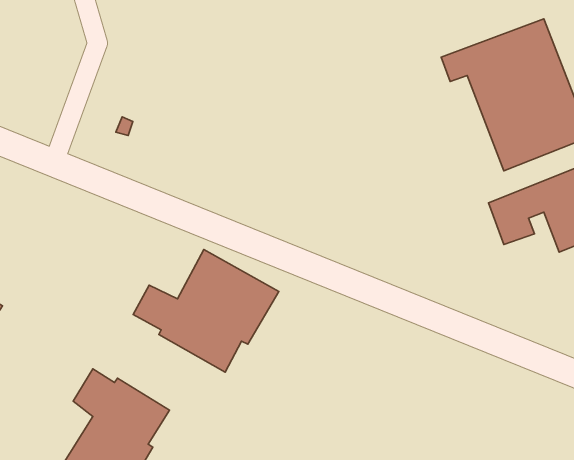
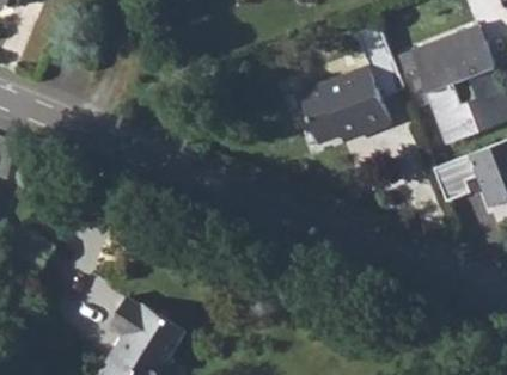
building: none -> [299,25,403,142]
building: [133,249,279,372] -> none

